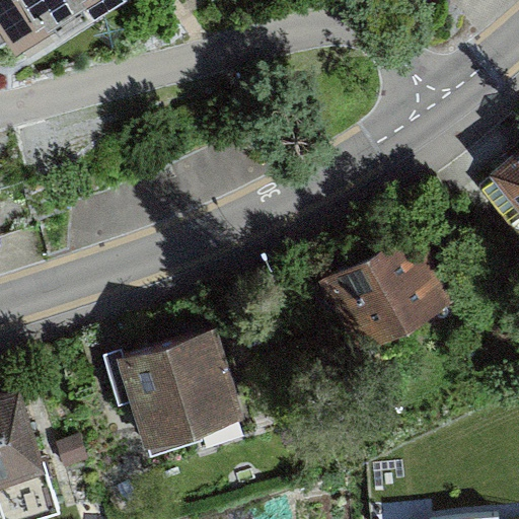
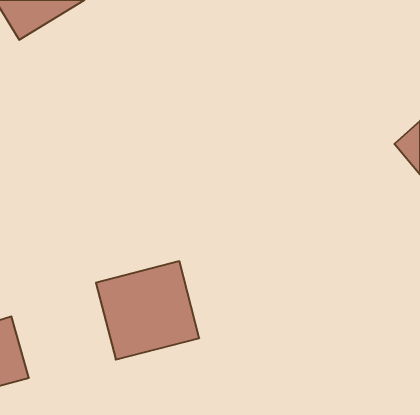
building: [323,241,451,346] -> none

